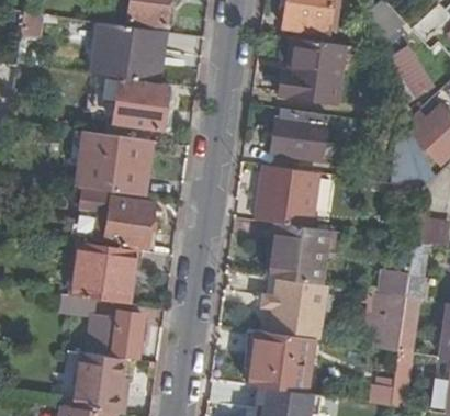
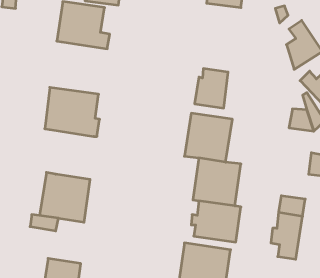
building: [279,37,346,104] -> none
building: [114,78,168,131] -> none
building: [70,187,156,250] -> none
building: [89,311,144,357] -> none

